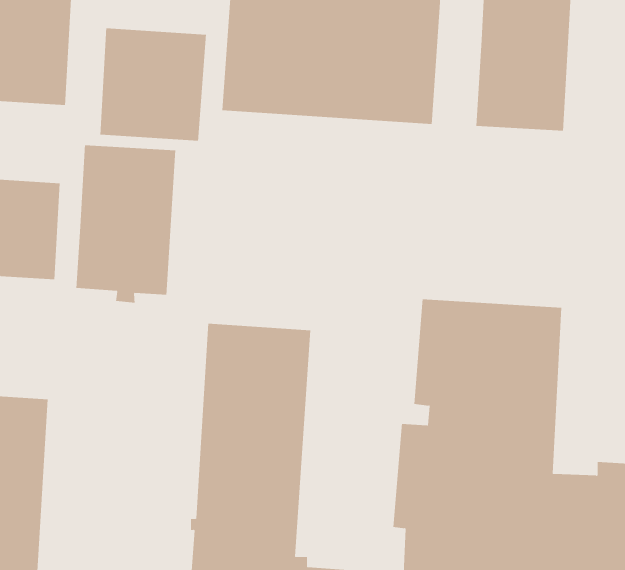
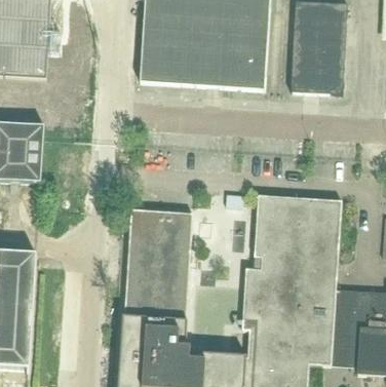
building: [100,27,207,141] -> none
building: [76,145,176,304] -> none

